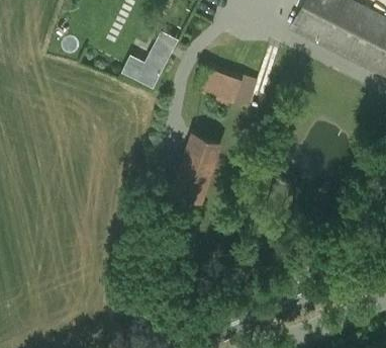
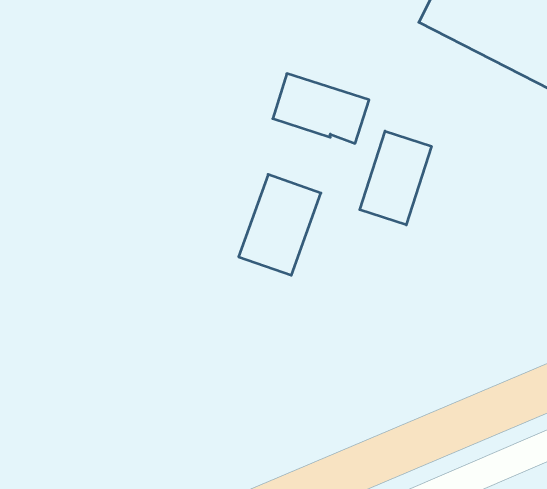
building: [124,28,182,88] -> none
building: none -> [360,131,431,225]

